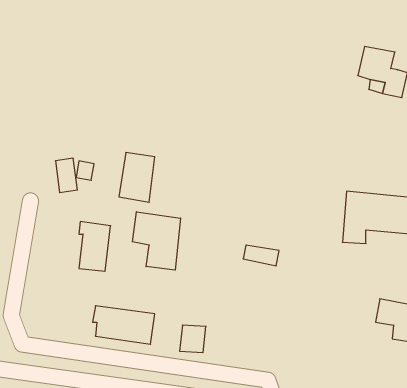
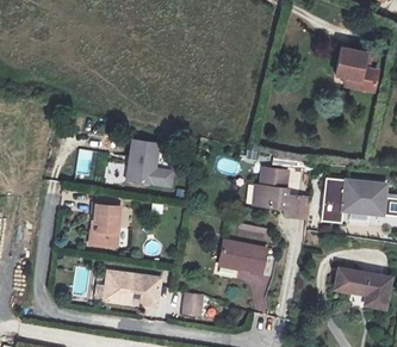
building: none -> [252,168,299,221]
building: [132,212,181,270] -> none
building: none -> [222,237,271,275]

